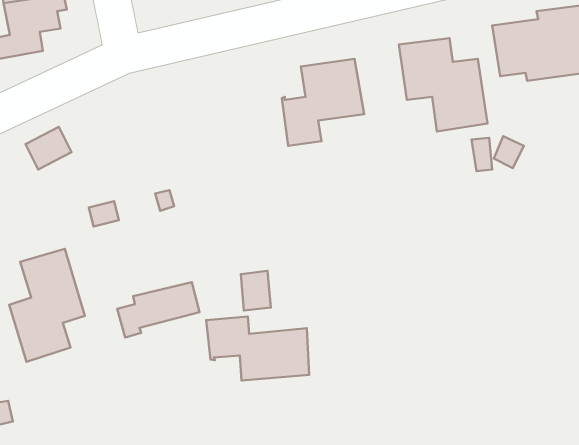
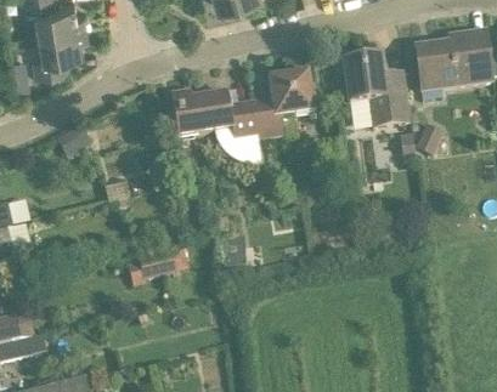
building: none -> [169,93,260,167]
building: [9,249,85,362] -> none
building: [206,317,309,381] -> none

